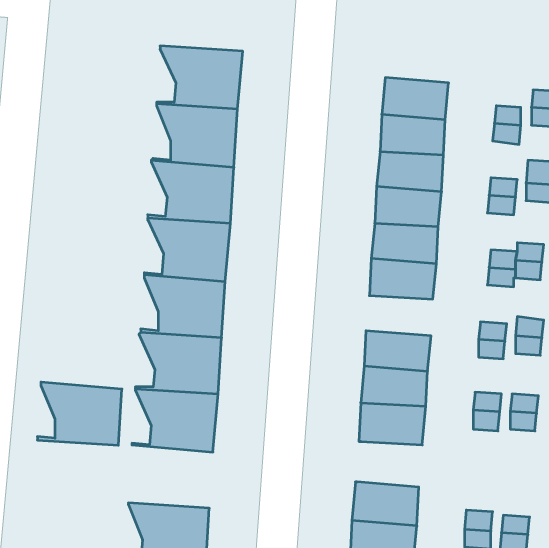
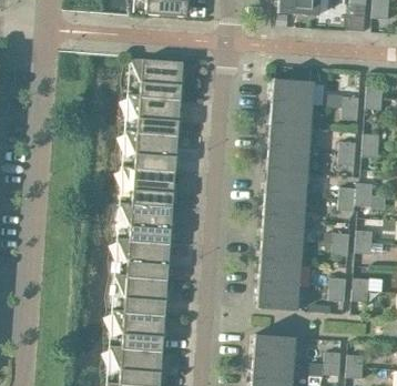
building: none -> [261,216,303,242]
building: [37,382,122,445] -> [111,311,164,351]

